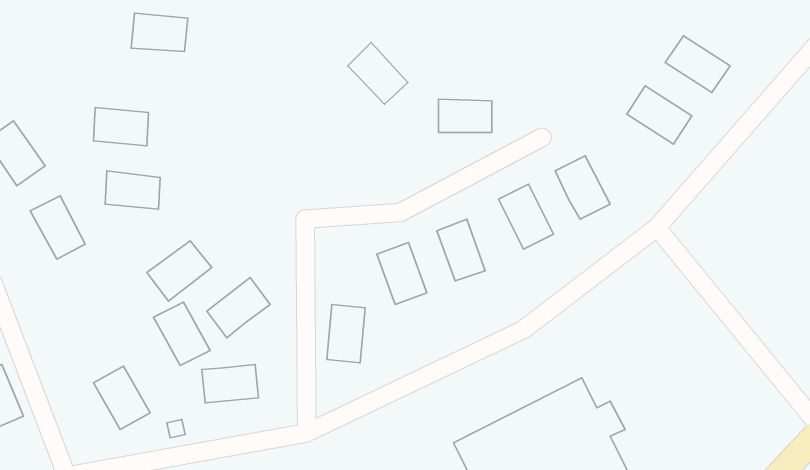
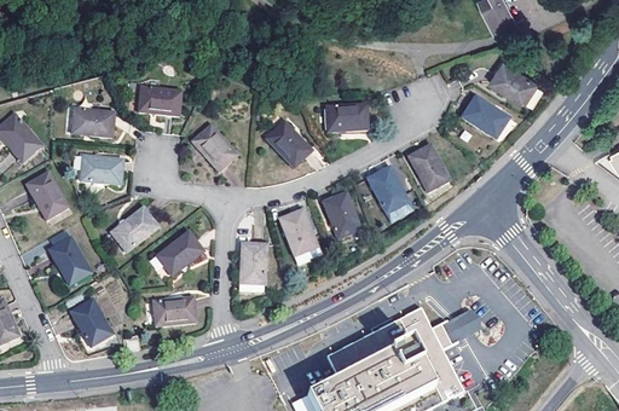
building: [131,13,188,51] -> [143,77,184,105]
building: [348,43,408,104] -> [268,118,312,163]
building: none -> [192,127,237,174]
building: [154,302,210,366] -> [51,238,92,284]

